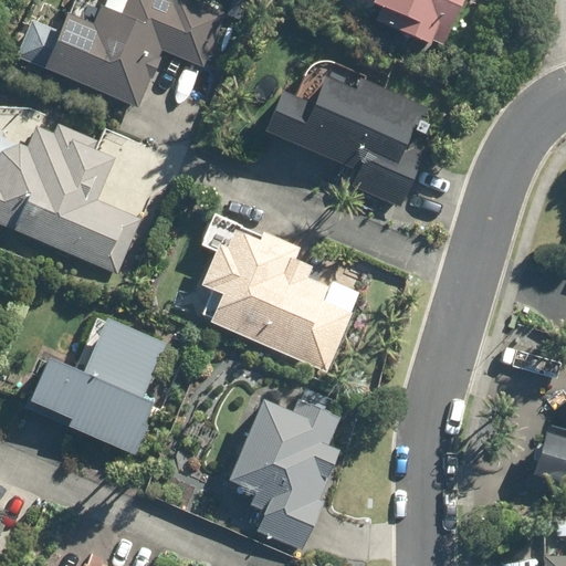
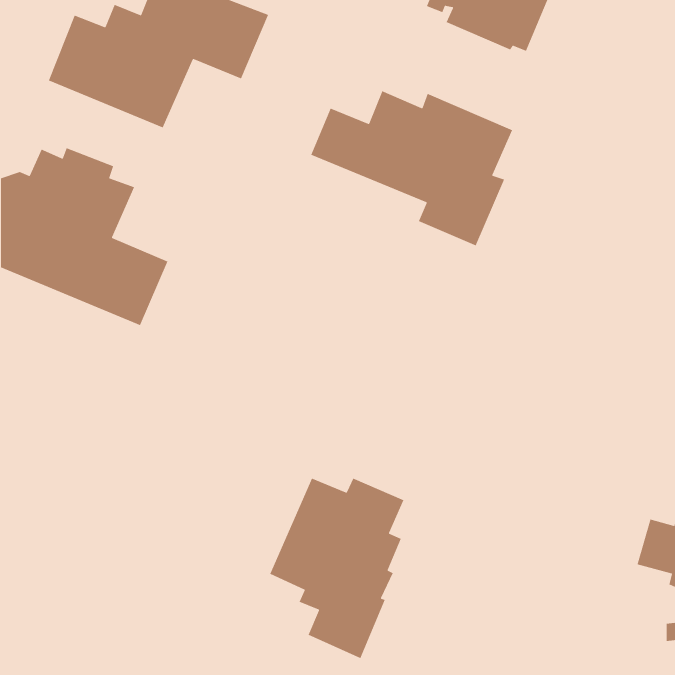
building: [199,214,353,371] -> none
building: [23,317,167,452] -> none

